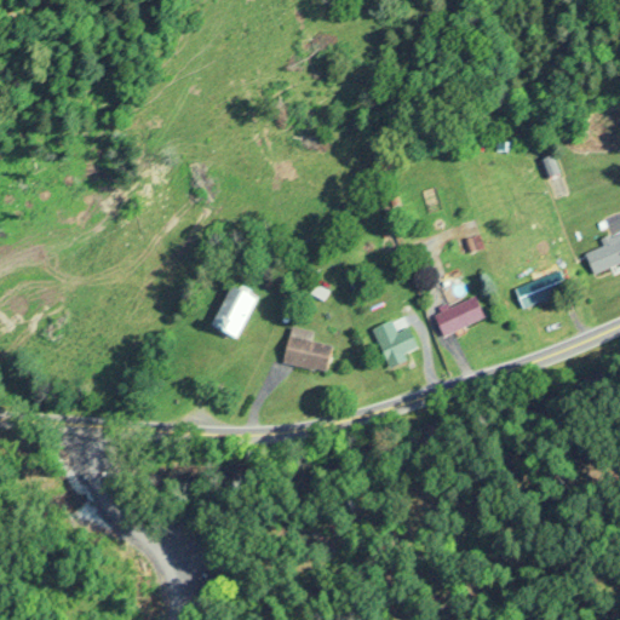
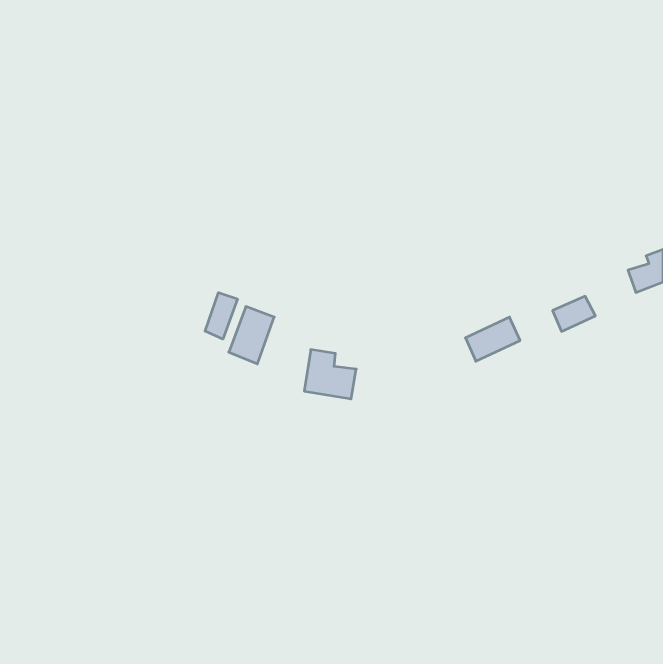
building: none -> [205,293,237,339]
building: [378,328,418,362] -> none

